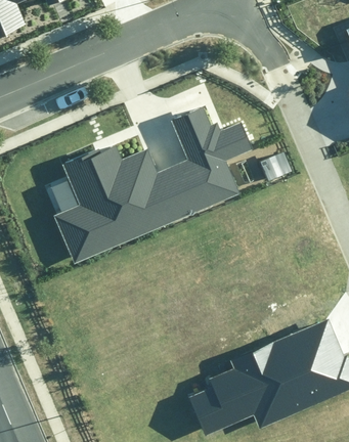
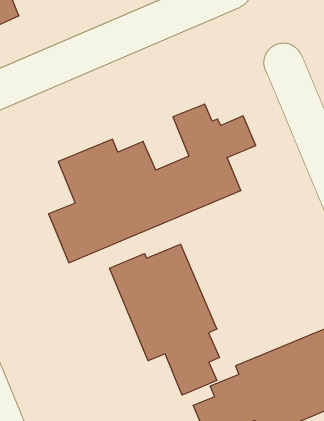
building: none -> [109,244,219,395]

